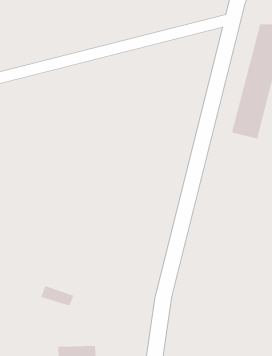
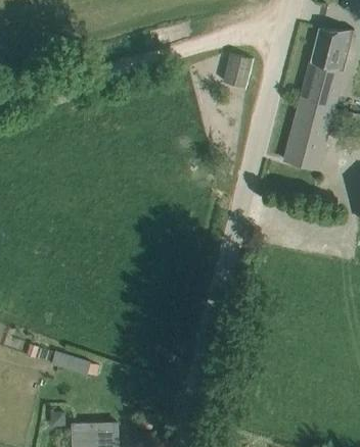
building: none -> [222,54,251,88]

